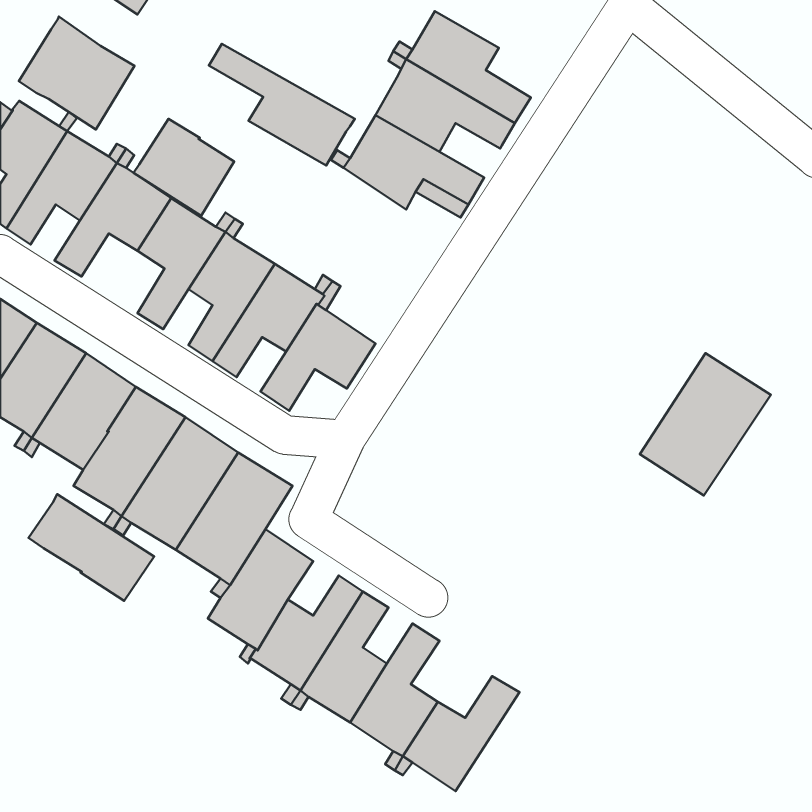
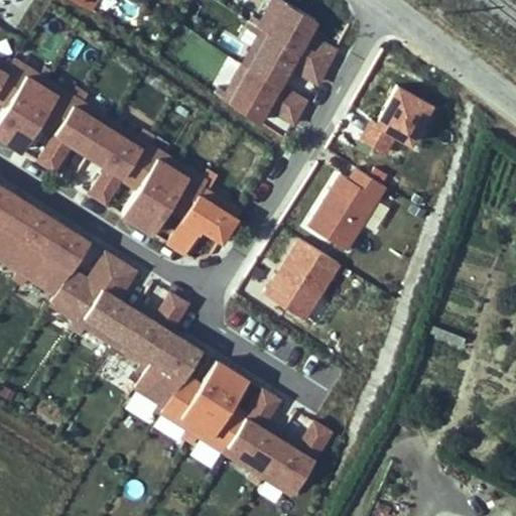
building: [19,17,134,129] -> none
building: [209,44,355,165] -> none
building: none -> [362,74,436,147]
building: [134,119,234,216] -> none
building: [640,353,771,496] -> [307,155,390,245]
building: none -> [264,231,341,312]
building: [29,494,154,601] -> none

